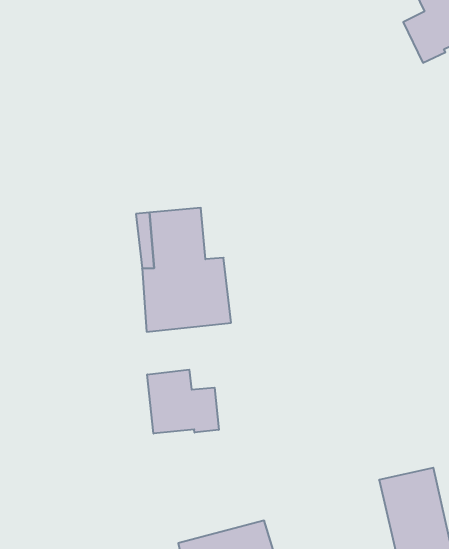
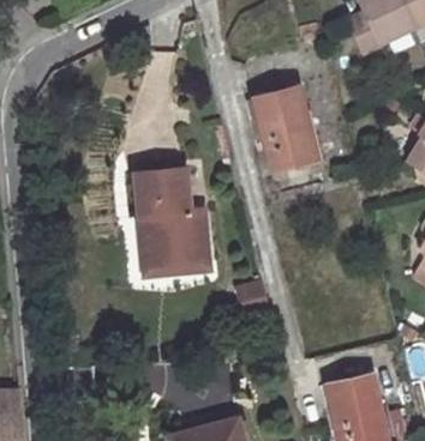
building: none -> [255,87,319,171]
building: [147,370,219,434] -> none

